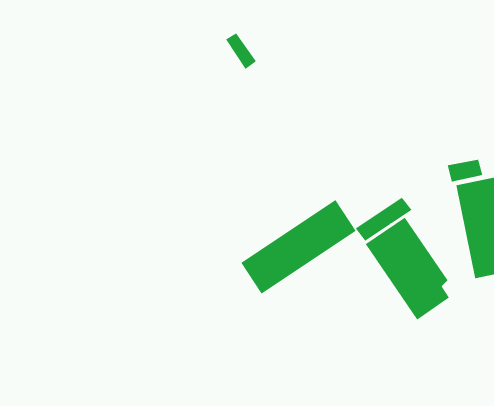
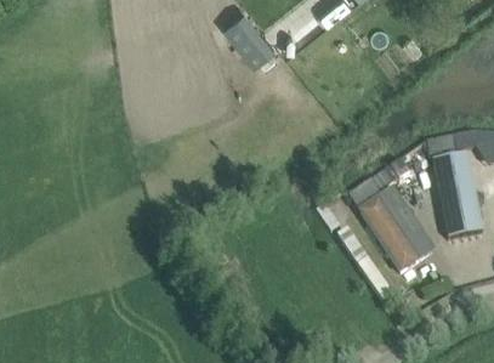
building: [241,199,357,295] -> none

